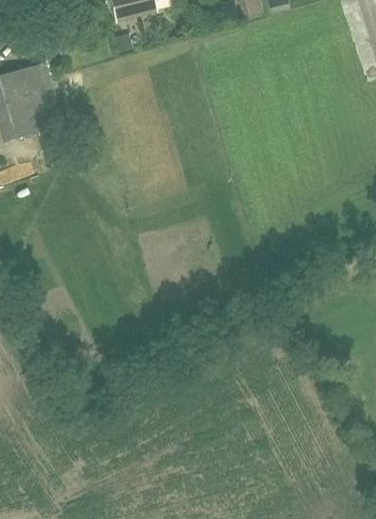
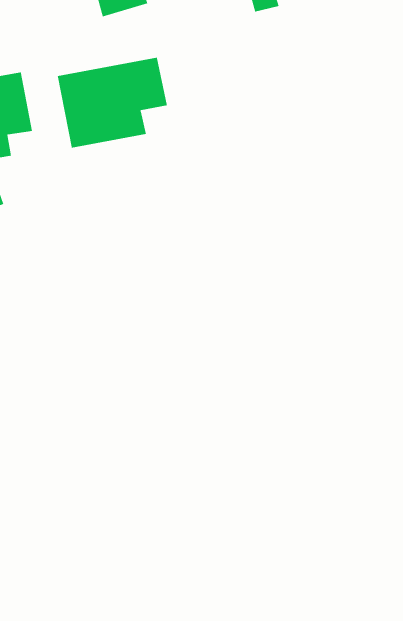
building: none -> [57,57,168,149]

